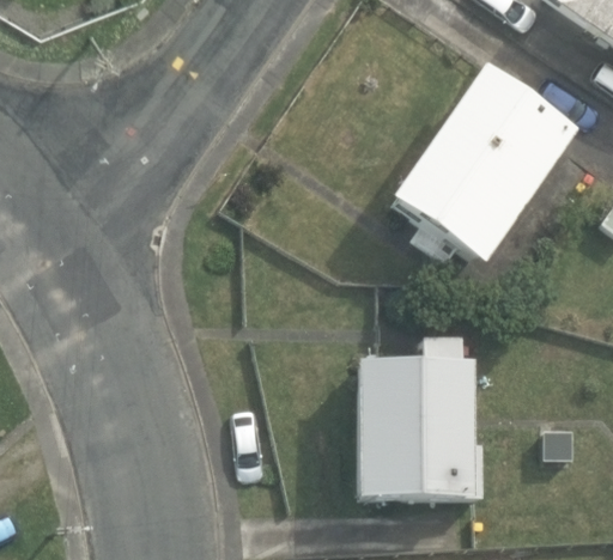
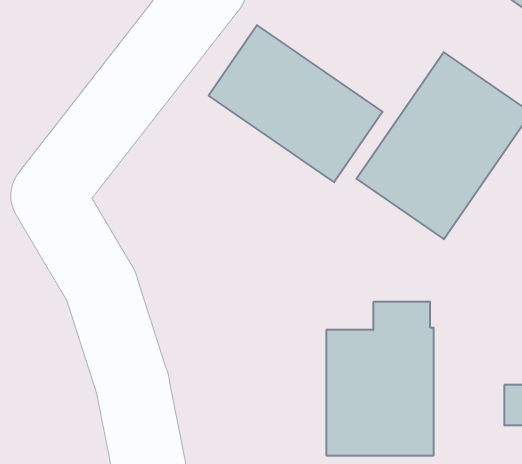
building: none -> [209,25,383,182]

